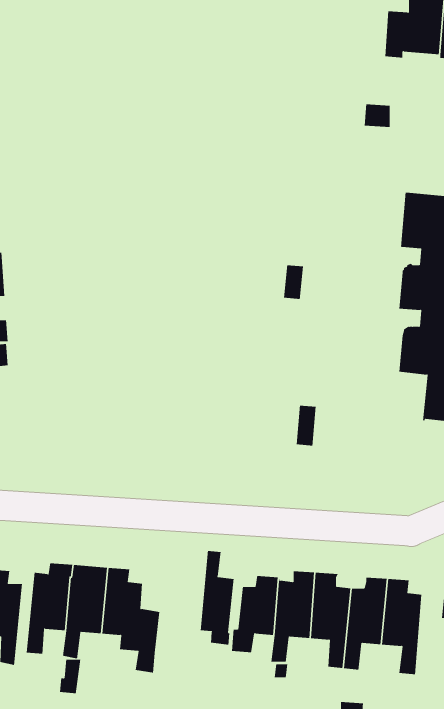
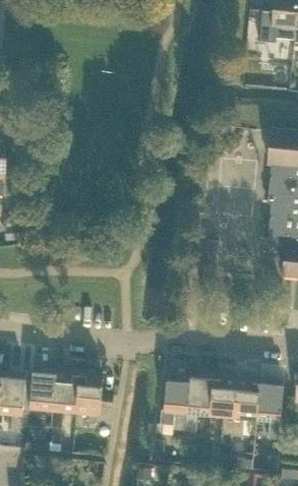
building: [200,550,234,645] -> none

